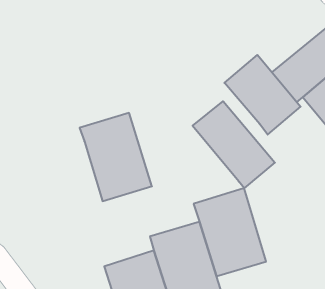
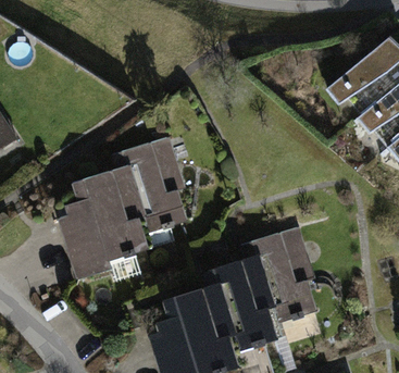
building: [224,55,301,135] -> none
building: [193,101,275,188] -> none
building: none -> [66,174,145,271]

